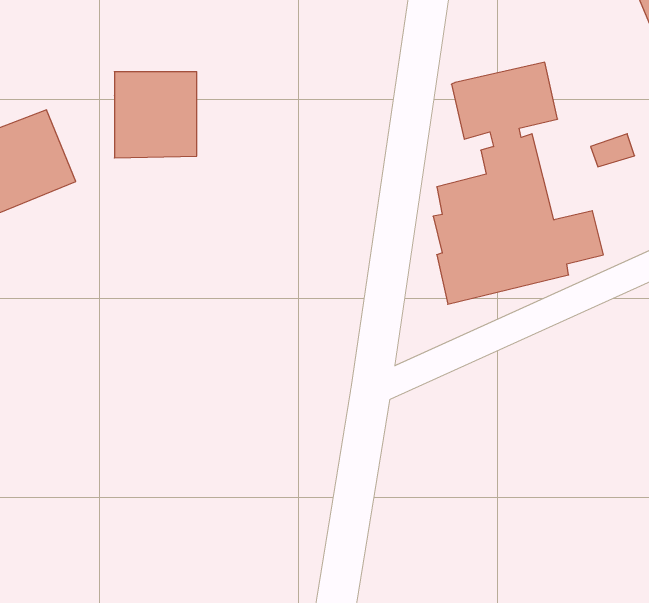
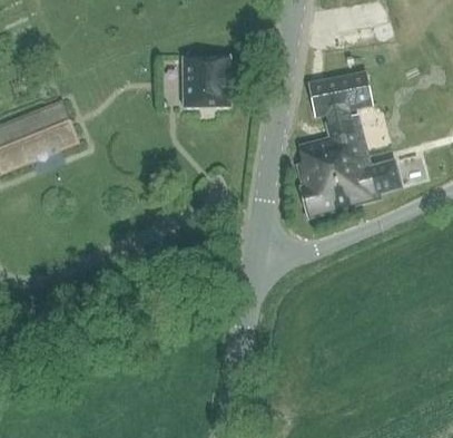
building: [114,72,197,158] -> [183,55,233,107]

